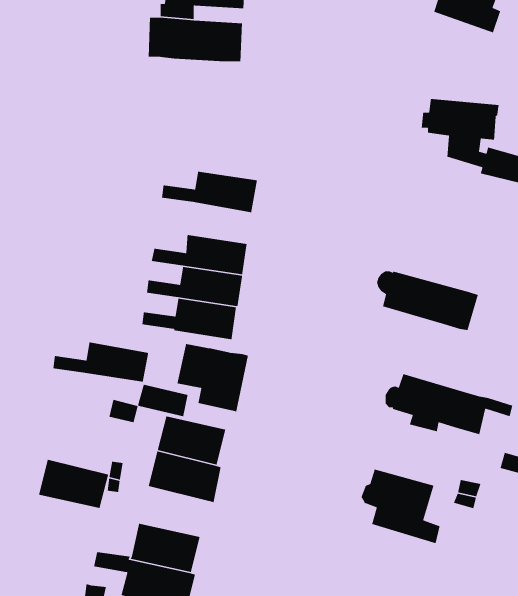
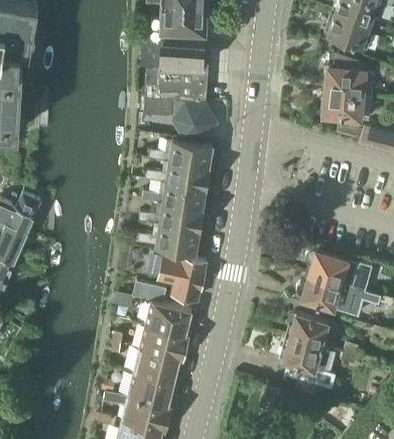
building: none -> [323,53,374,98]
building: none -> [145,67,218,143]
building: [376,270,479,331] -> [304,252,372,292]
building: [53,342,149,384] -> [145,163,209,191]
building: none -> [289,315,335,350]
building: [38,459,109,509] -> [133,351,180,384]

